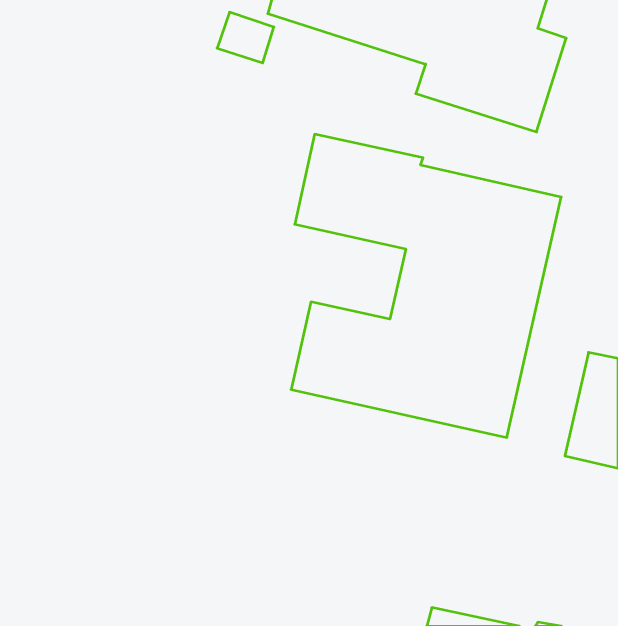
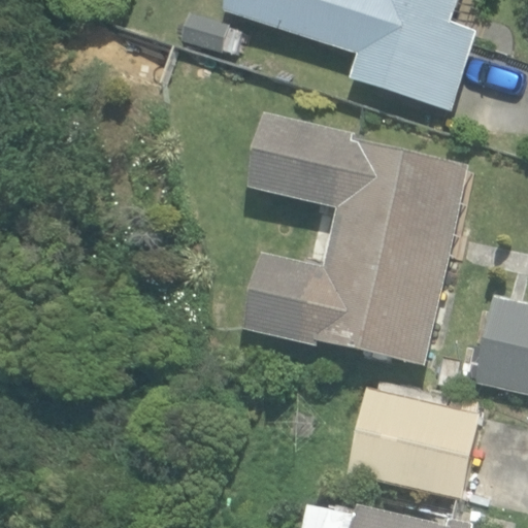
building: none -> [349,388,477,499]

